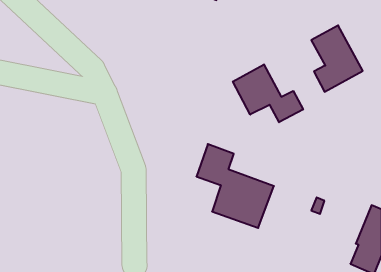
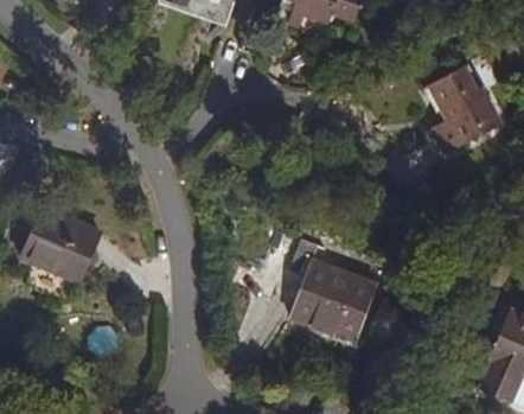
building: [233,64,303,122] -> none
building: none -> [21,208,100,282]

